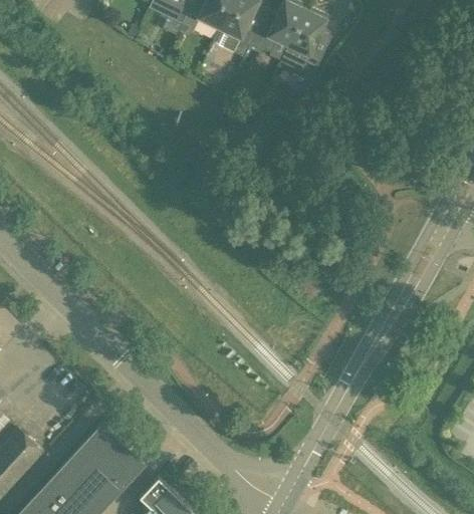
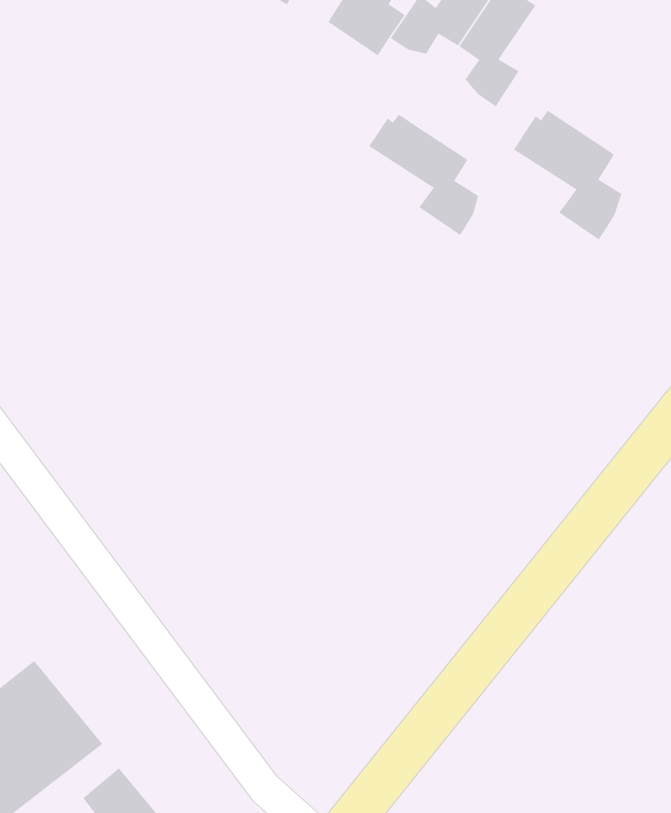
building: none -> [513,110,622,240]
building: none -> [369,114,479,236]

